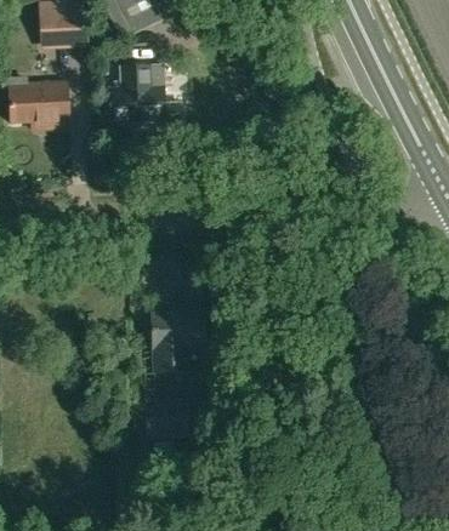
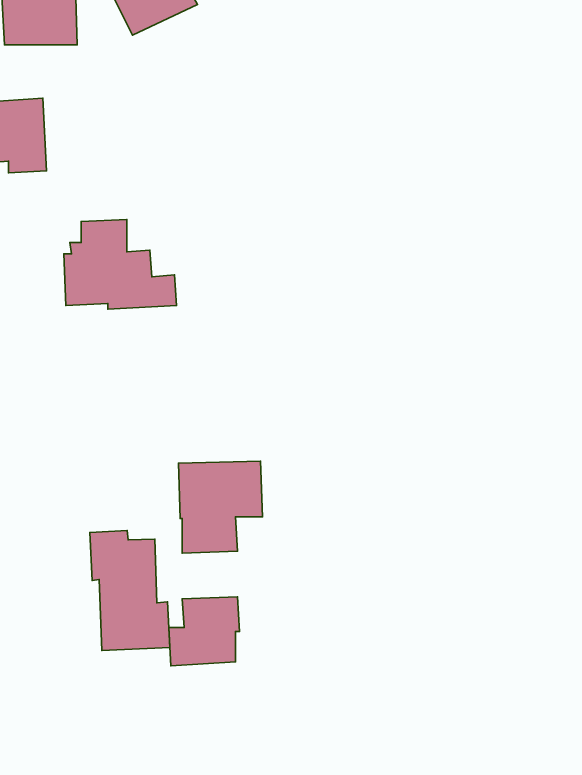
building: [109,64,181,121] -> [64,219,177,309]
building: none -> [90,531,170,650]

